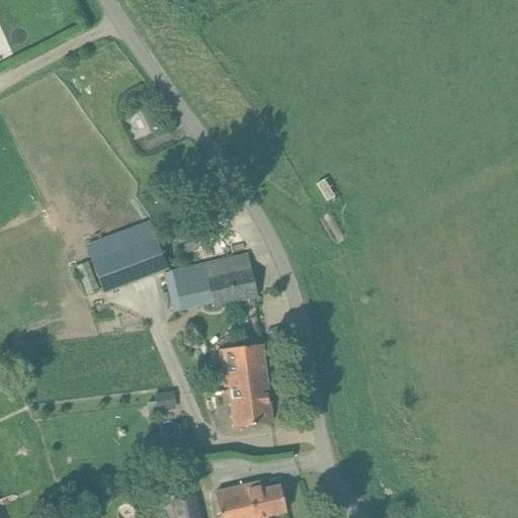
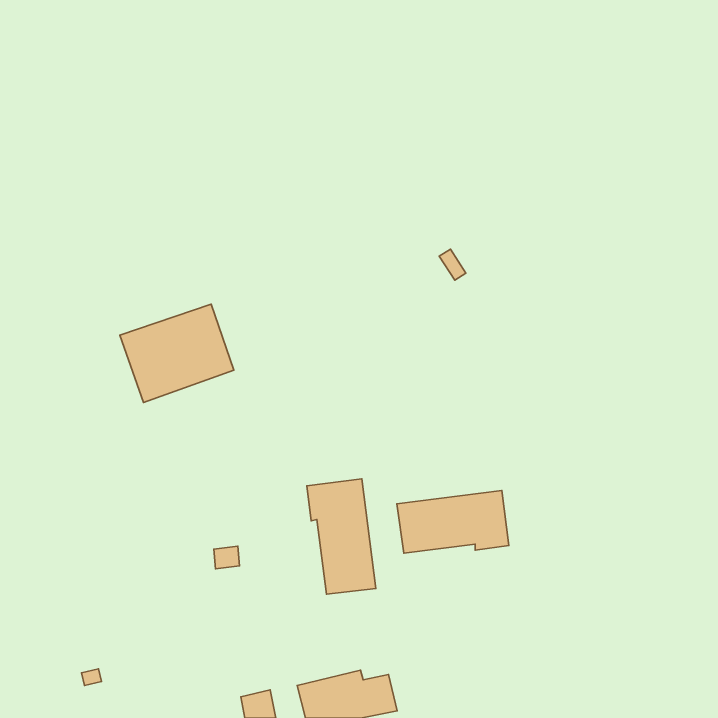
building: [166,254,258,309] -> none
building: none -> [397,490,509,553]

